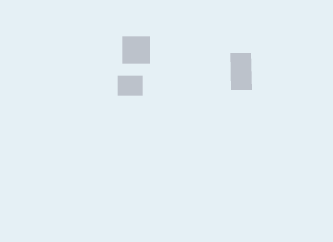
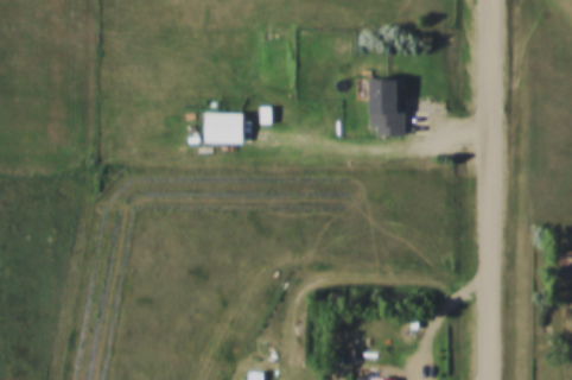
building: [122,35,151,64] -> none

